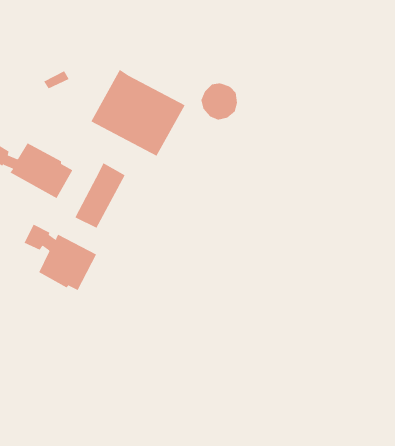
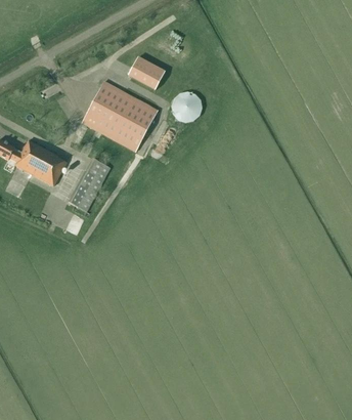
building: none -> [128,56,164,89]
building: [24,224,97,291] -> none

